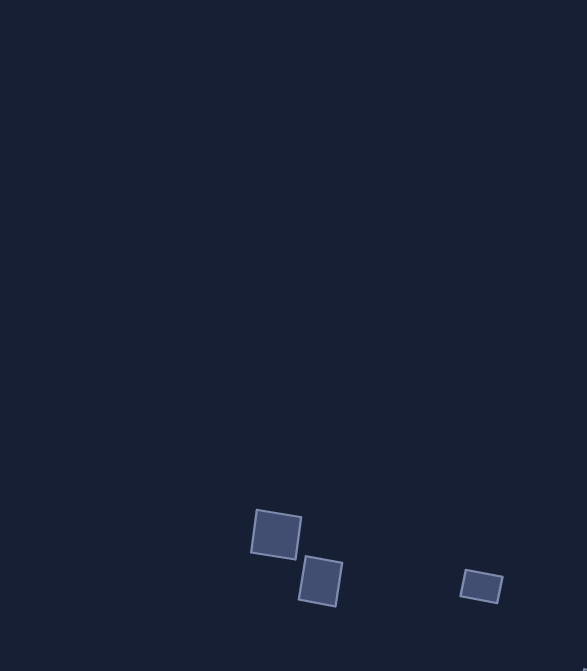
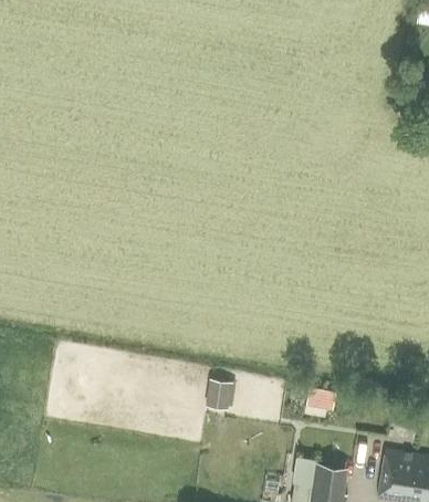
building: [251,510,301,560] -> none

